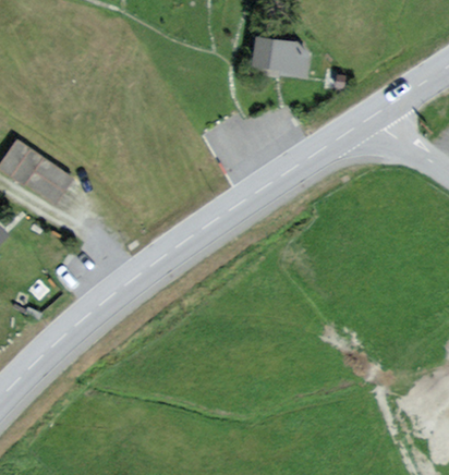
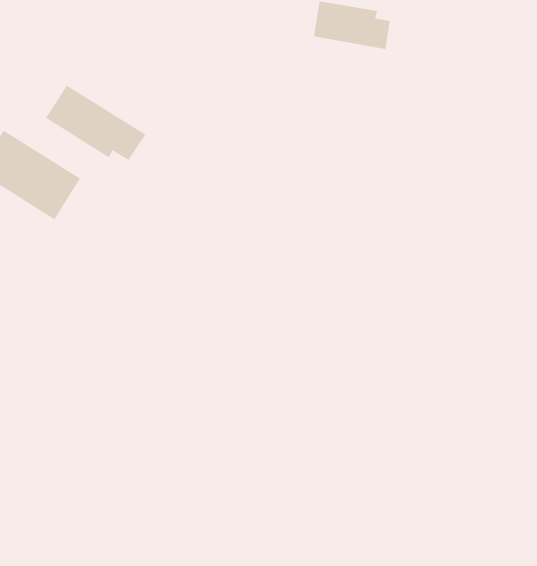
building: none -> [45,85,146,161]

